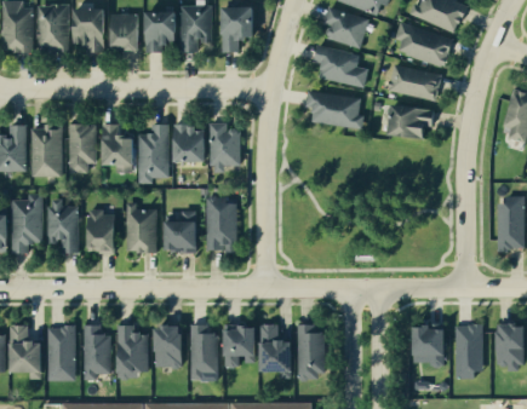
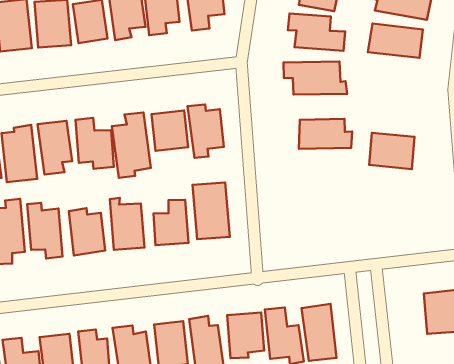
building: [388,103,434,142] -> [369,133,415,169]
building: none -> [299,119,352,149]

